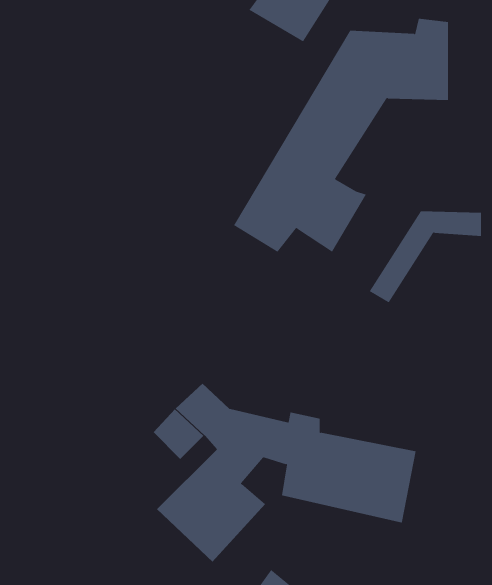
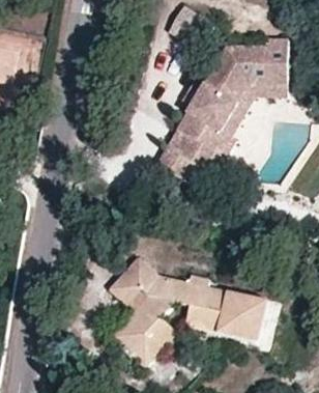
building: [369,211,482,303] -> [218,84,286,140]

